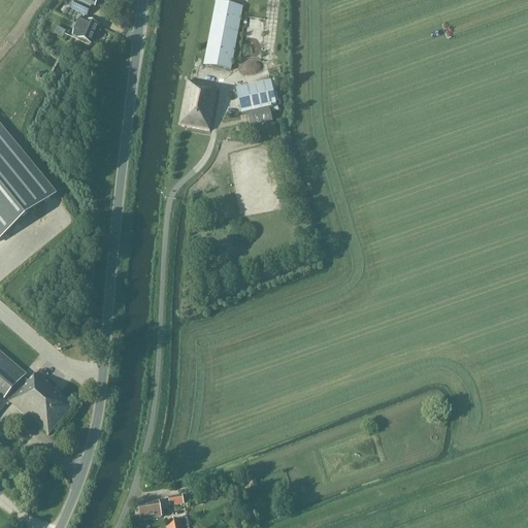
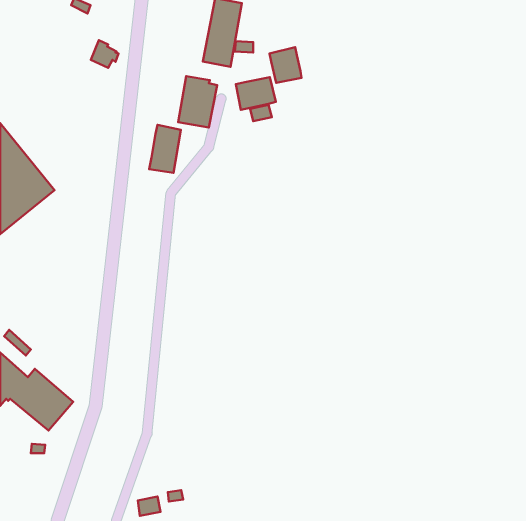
building: [73,12,101,40] -> [91,40,119,68]
building: none -> [269,47,301,83]
building: none -> [149,125,181,173]

